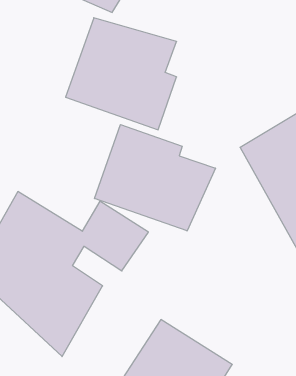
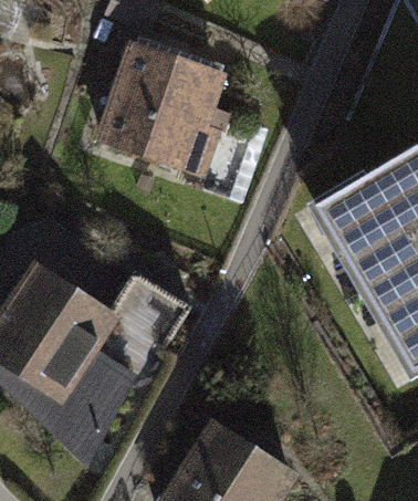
building: [95,125,215,231] -> none

